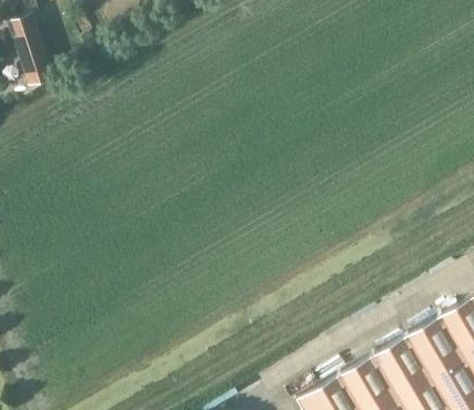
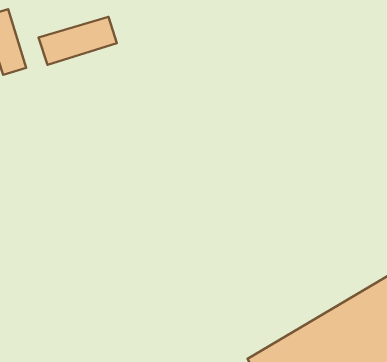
building: none -> [39,17,117,65]

